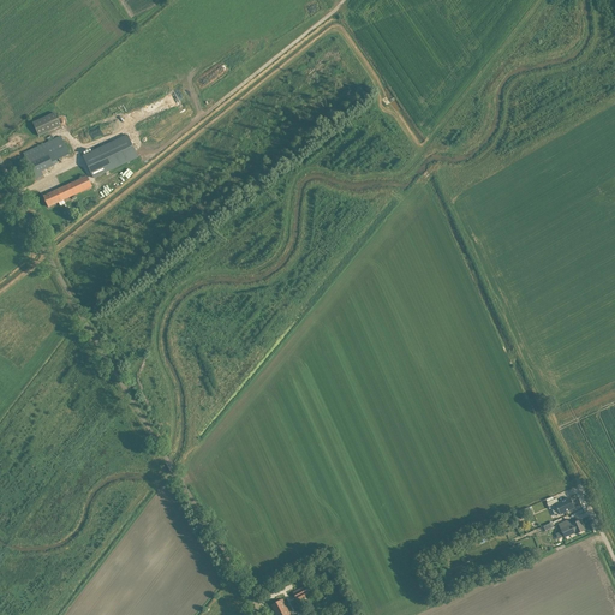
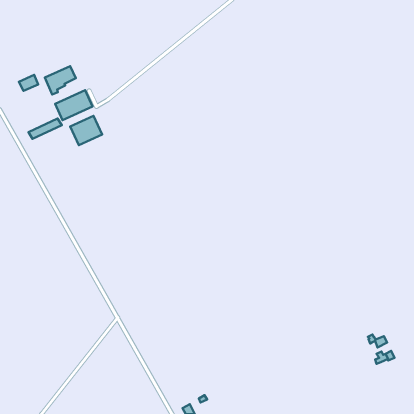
building: [23,136,68,178] -> [45,66,76,94]
building: none -> [70,116,102,145]

